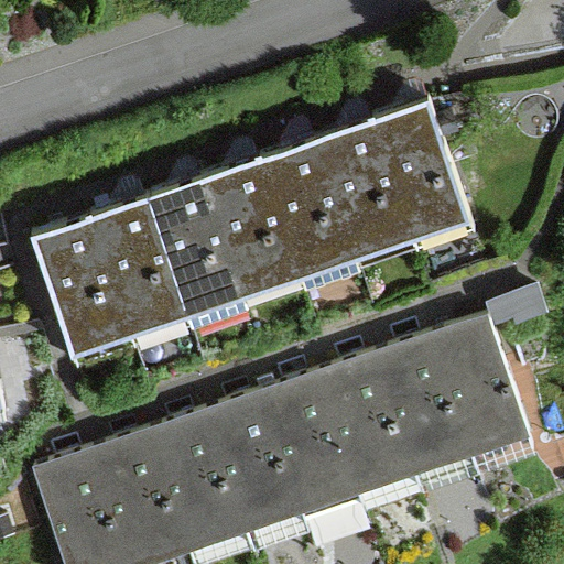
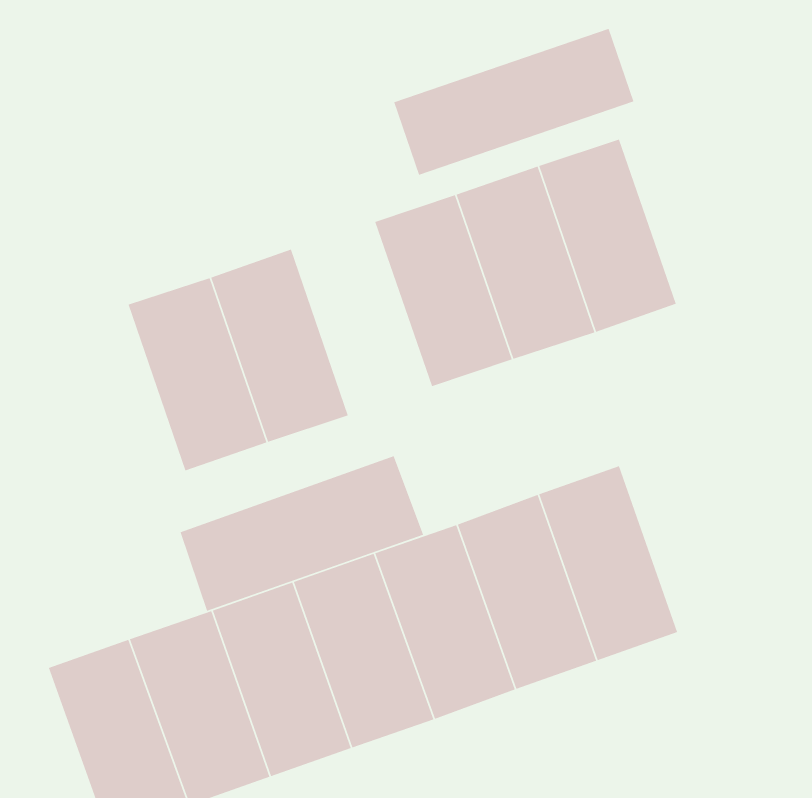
building: none -> [393,28,634,176]
building: [202,164,299,299] -> none
building: [32,221,128,356] -> none
building: [429,313,527,448] -> none
building: none -> [179,455,424,612]

